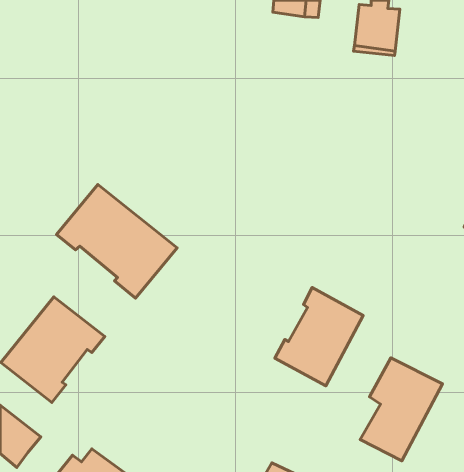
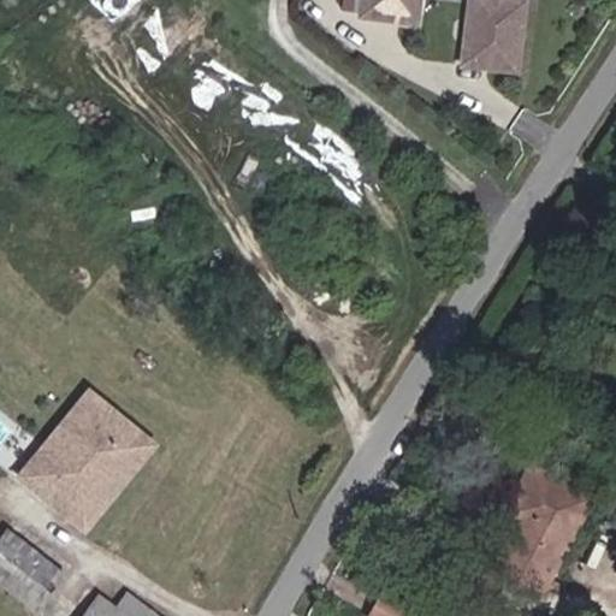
building: [56,184,177,298] -> none
building: [275,287,363,386] -> none

